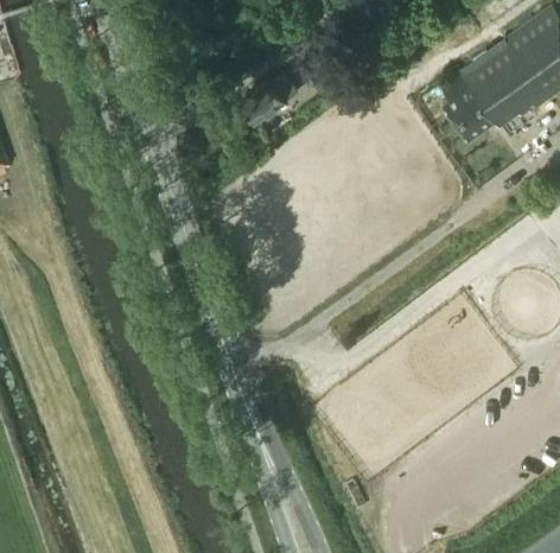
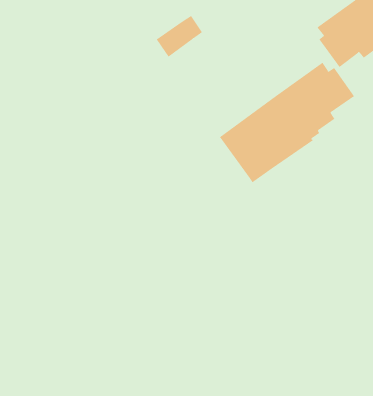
building: none -> [219,62,355,183]

